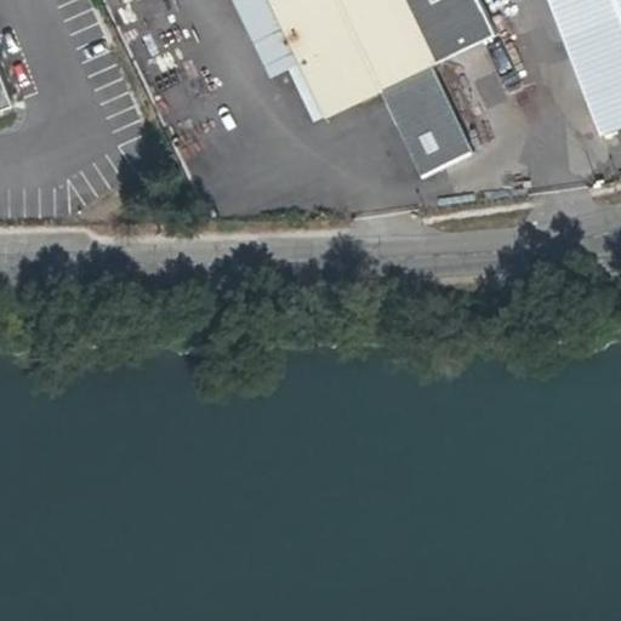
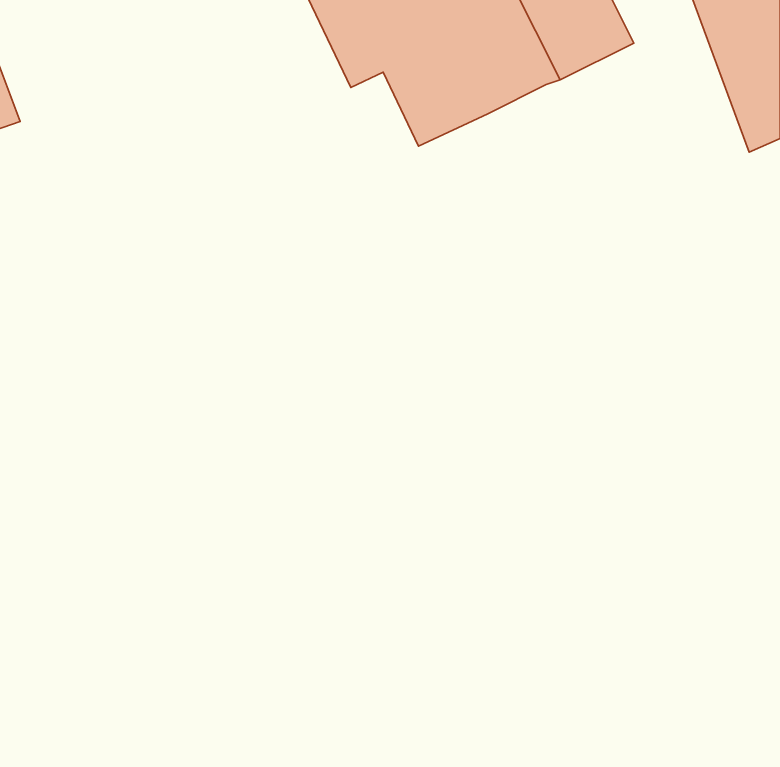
building: [384,67,471,166] -> none

